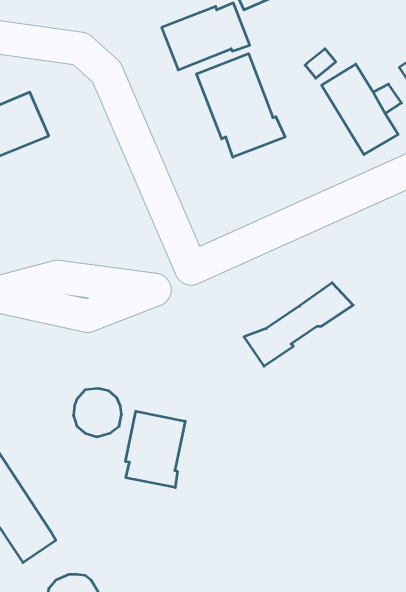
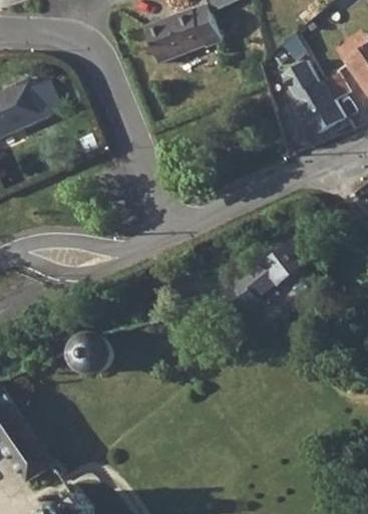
building: [197,54,285,157] -> none
building: [126,411,185,488] -> none

